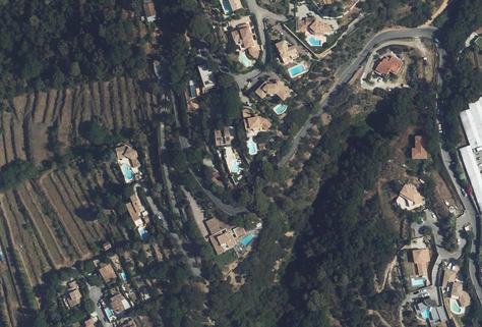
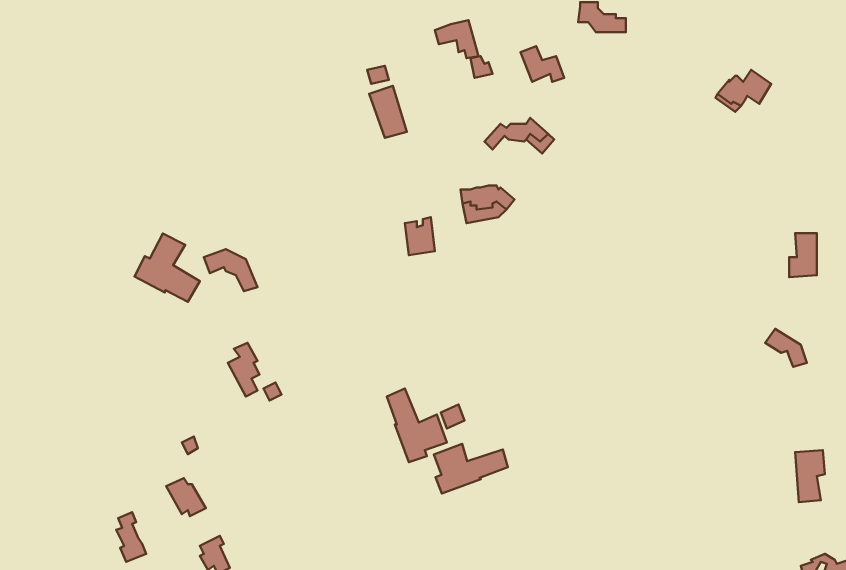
building: none -> [135,233,200,302]
building: none -> [434,444,508,493]

